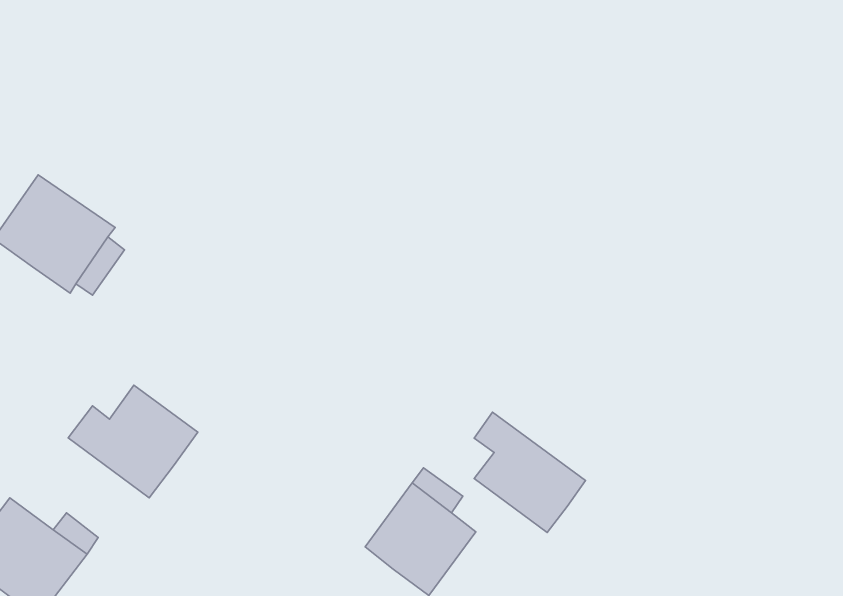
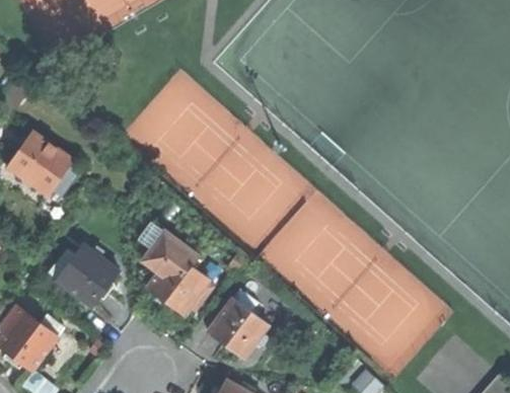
building: none -> [140,222,208,314]
building: [474,412,585,533] -> none

